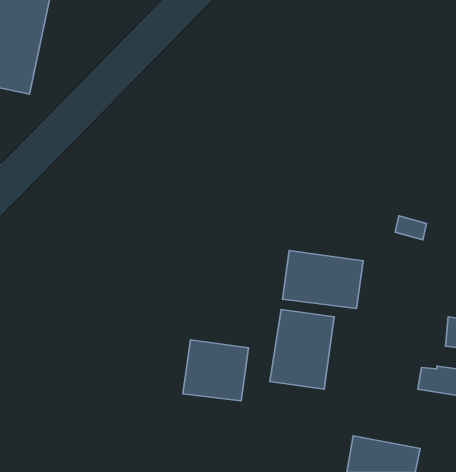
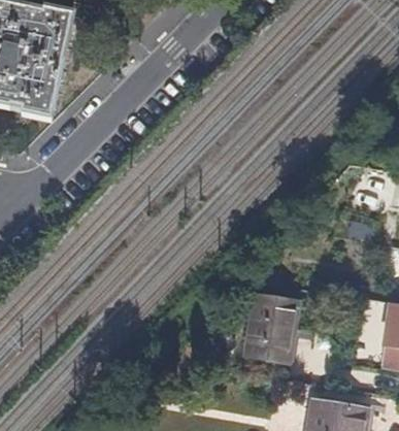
building: [282,250,363,308] -> none
building: [183,340,249,401] -> none

